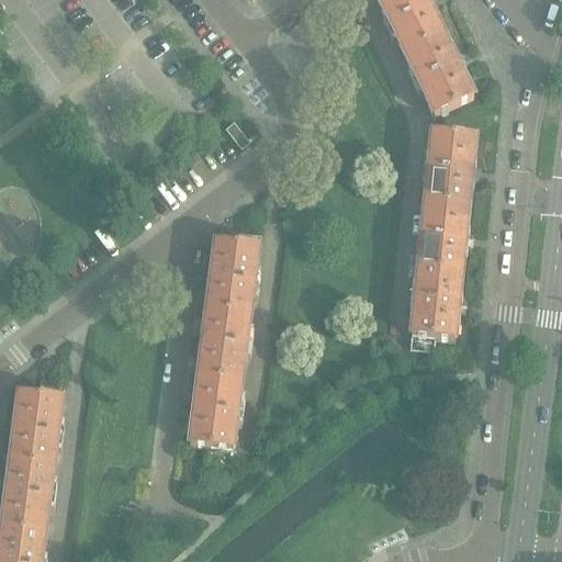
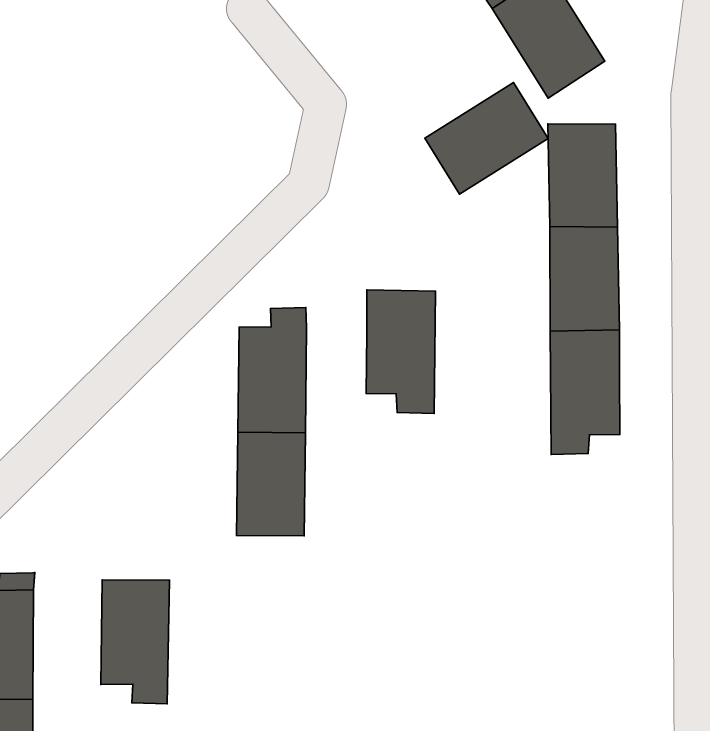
building: none -> [425,82,548,194]
building: none -> [366,290,435,413]
building: [189,372,241,458] -> [101,580,170,704]

